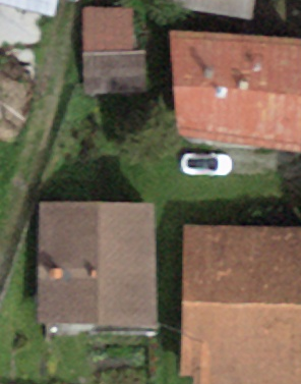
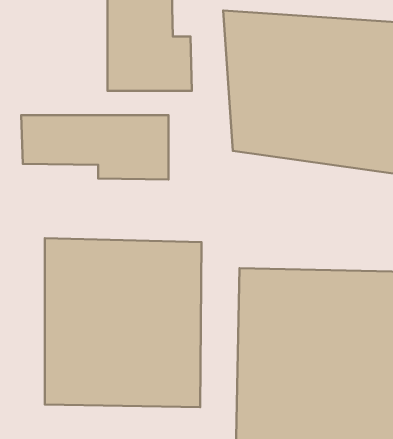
building: none -> [21,115,169,179]

